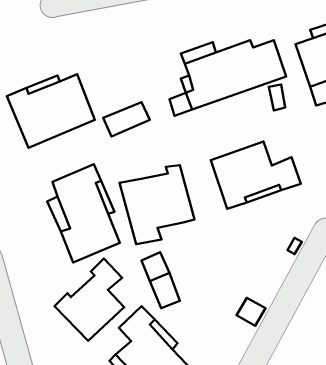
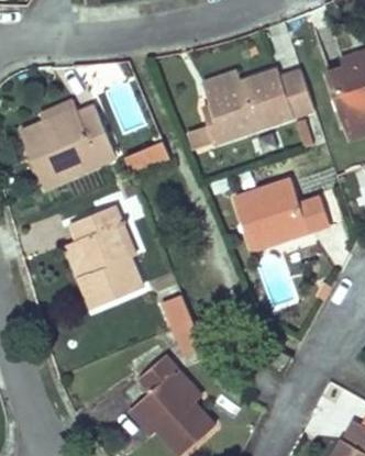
building: [119,165,195,244] -> none
building: [55,259,124,341] -> none

